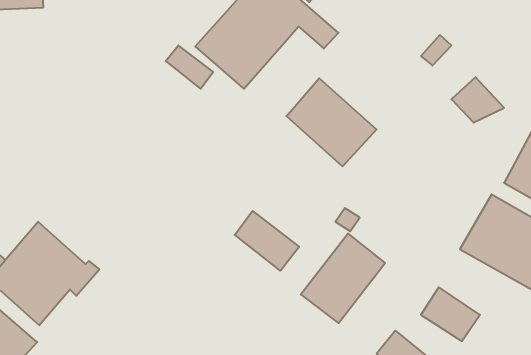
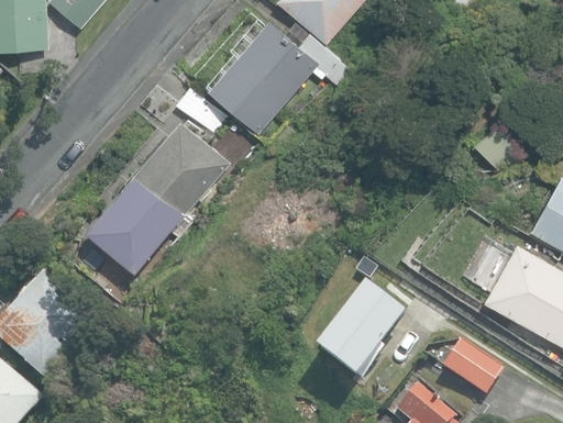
building: none -> [86,121,229,272]
building: [286,78,377,166] -> none
building: [235,211,299,271] -> none

